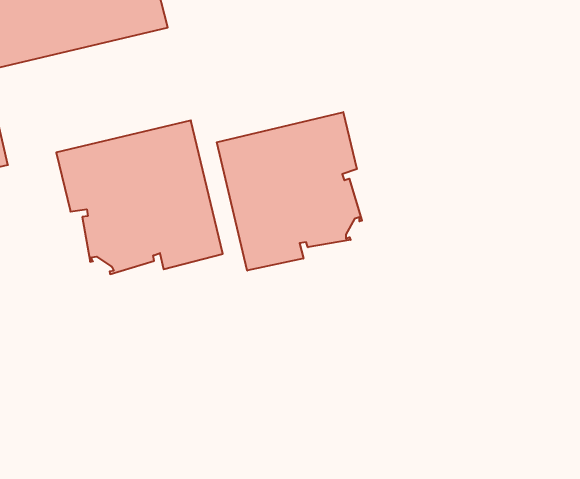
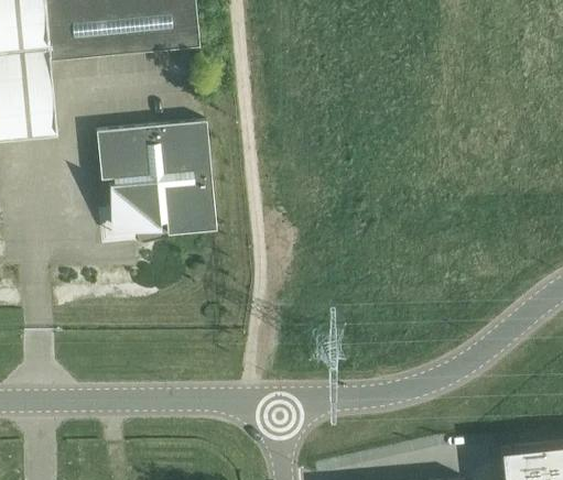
building: [217,112,362,271] -> none

